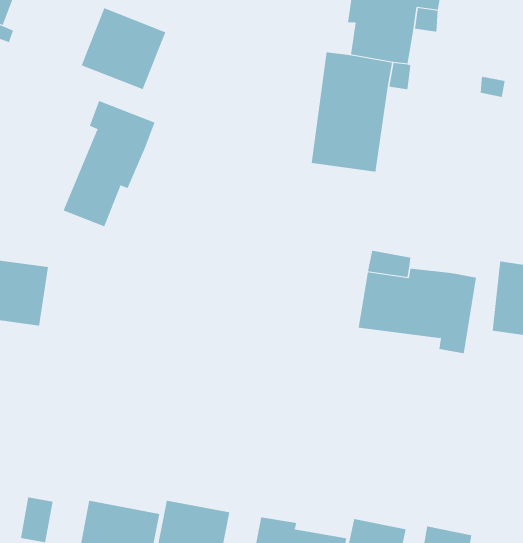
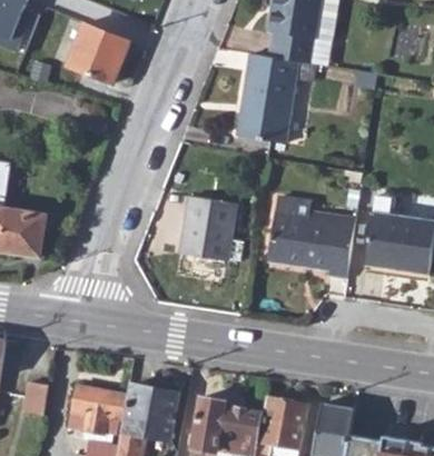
building: [63,100,155,227] -> none
building: none -> [183,199,236,261]

